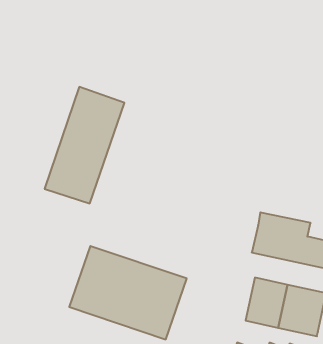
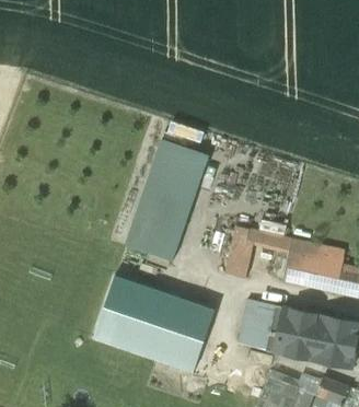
building: [45,87,124,203] -> [125,139,208,260]
building: none -> [224,226,291,279]
building: none -> [236,299,286,352]

